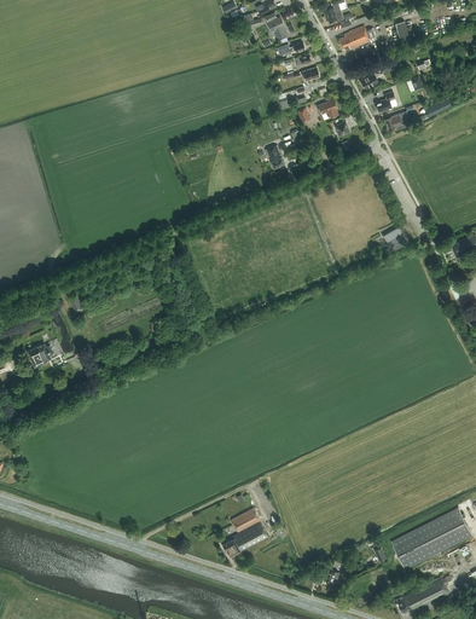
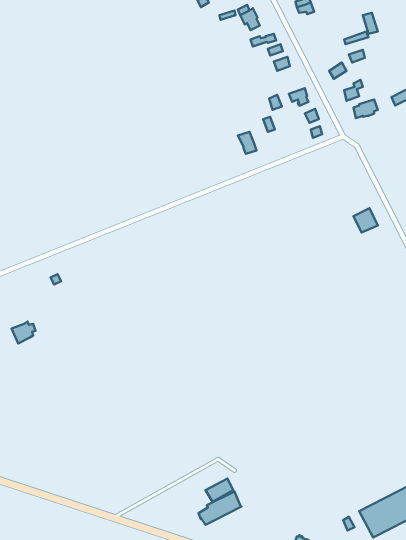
building: [338,25,375,52] -> none

